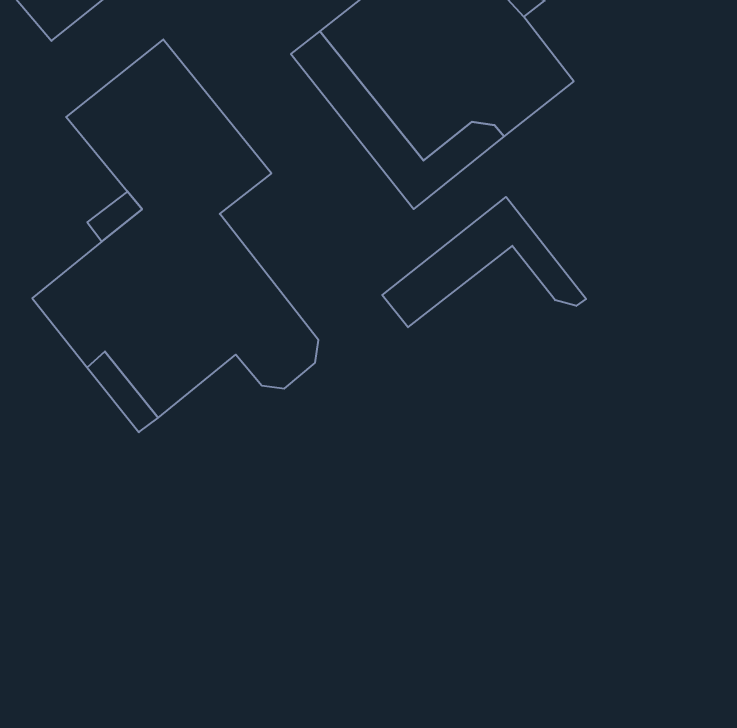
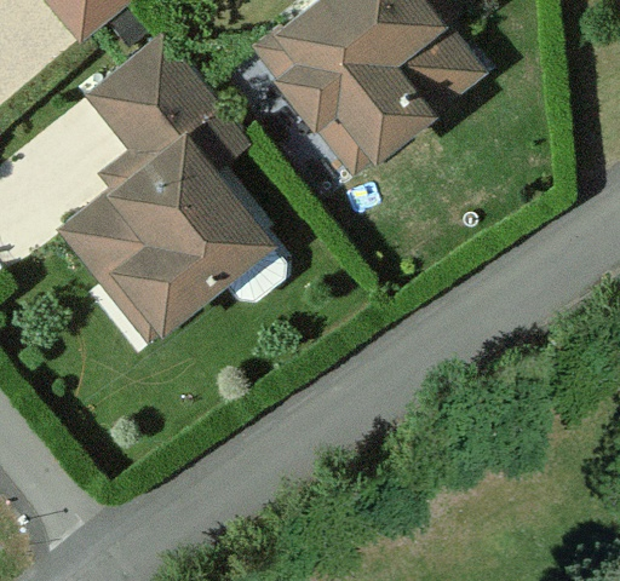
building: [382,197,586,327] -> none

